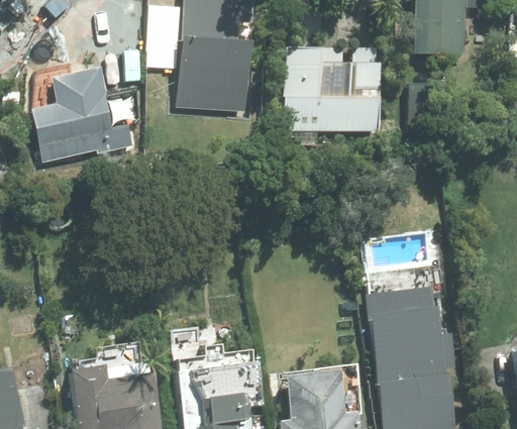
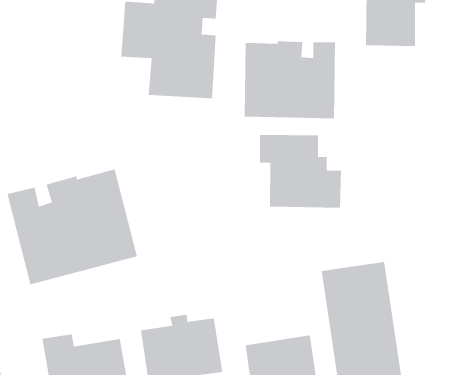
building: [37,36,138,168] -> none
building: none -> [259,134,341,208]
building: none -> [7,169,137,285]

